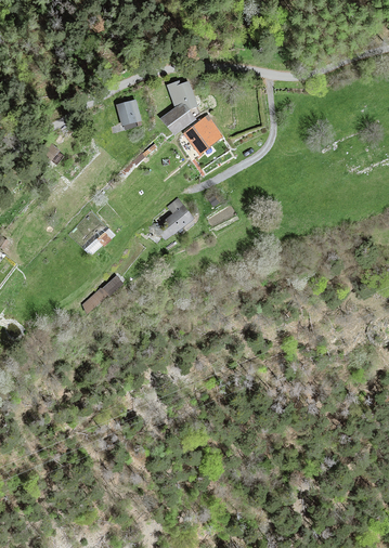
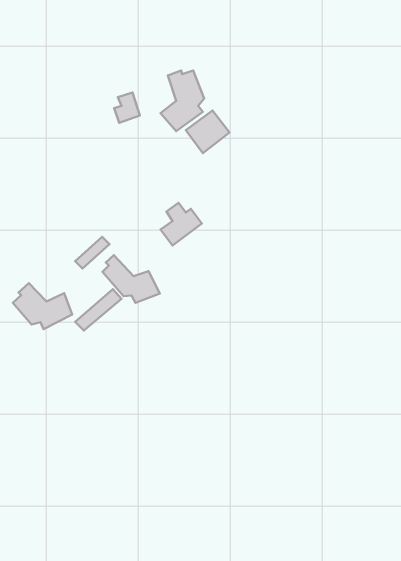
building: none -> [103,255,160,303]
building: none -> [13,283,72,329]

